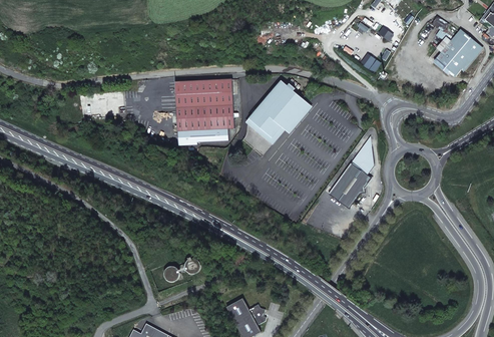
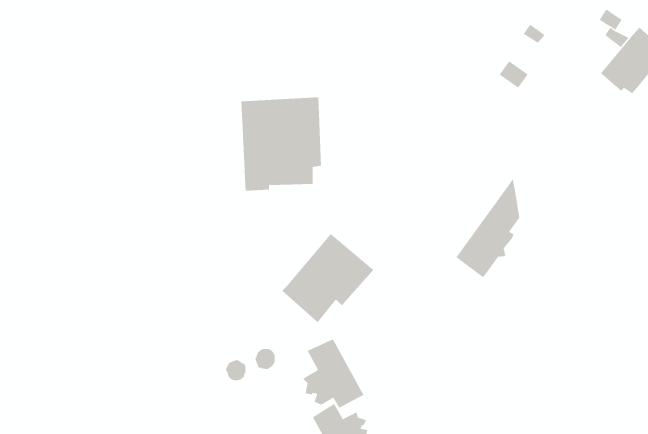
building: [245,81,312,145] -> [281,233,374,323]
building: none -> [302,338,364,408]

